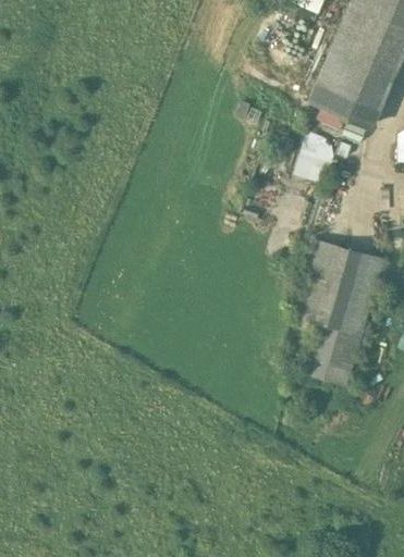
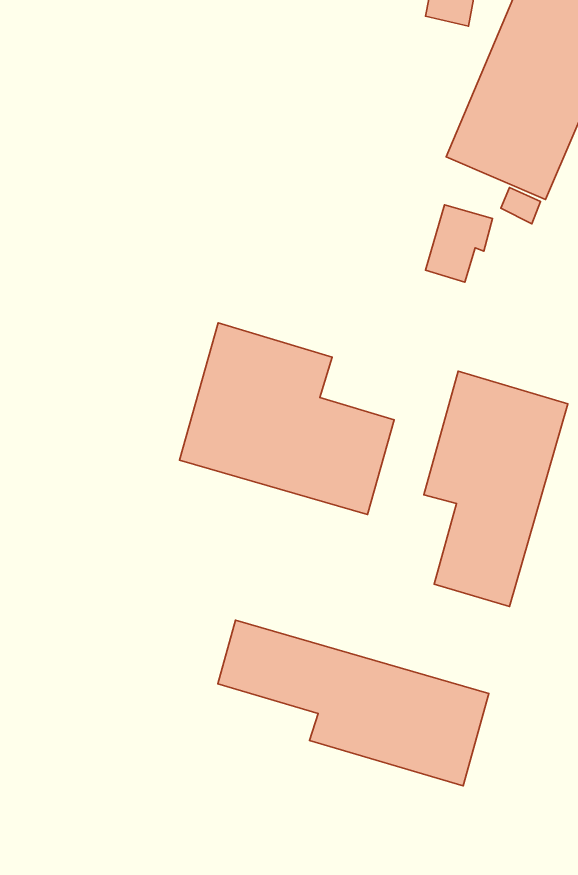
building: none -> [180,323,394,514]
building: none -> [218,620,489,786]

